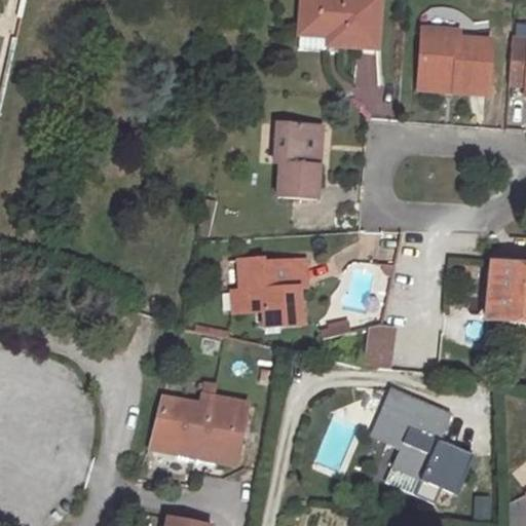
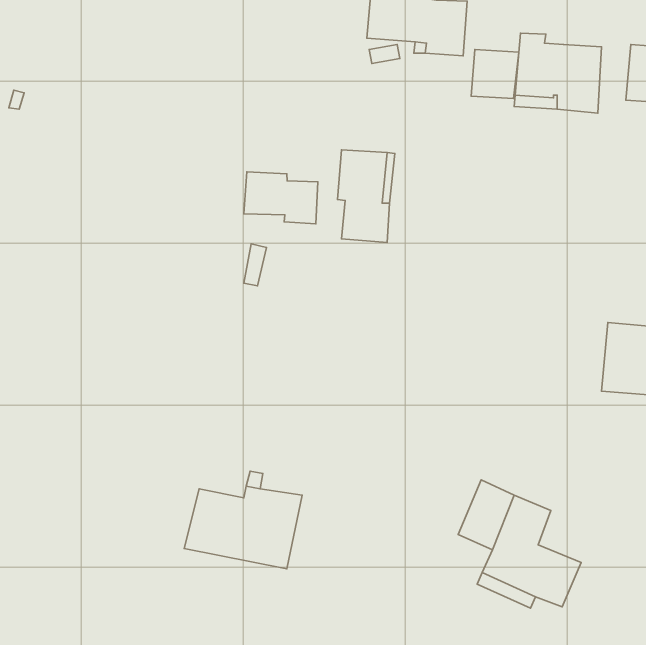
building: none -> [471,49,519,98]
building: none -> [244,172,318,224]
building: [232,257,305,324] -> none
building: [367,324,398,367] -> none

